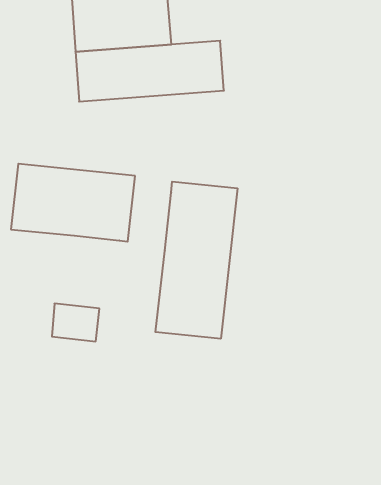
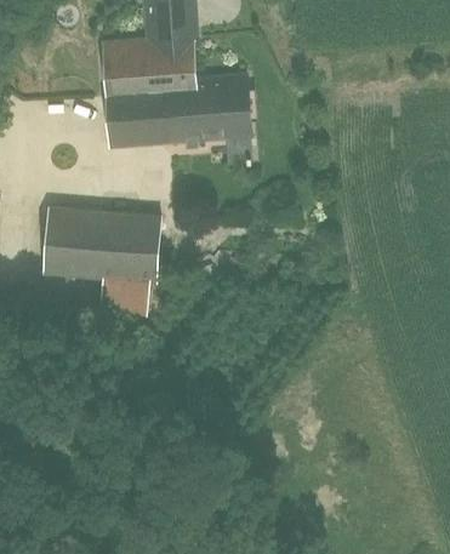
building: [155,182,237,339] -> none
building: [52,304,99,341] -> [101,278,148,315]

